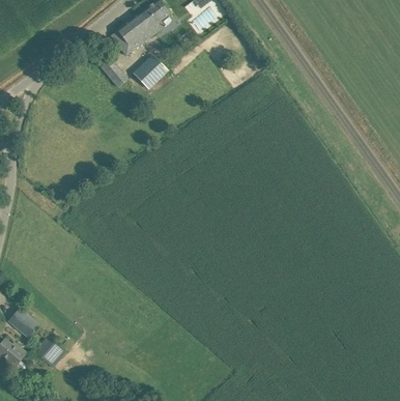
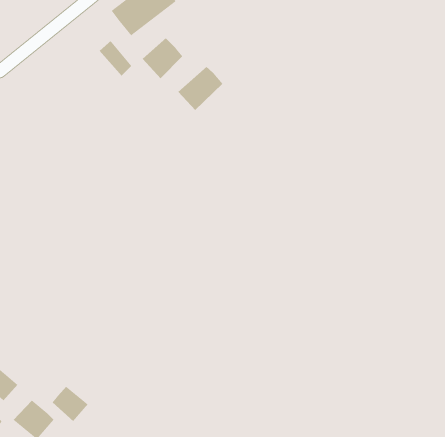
building: none -> [177,66,223,111]
building: none -> [52,386,88,422]

